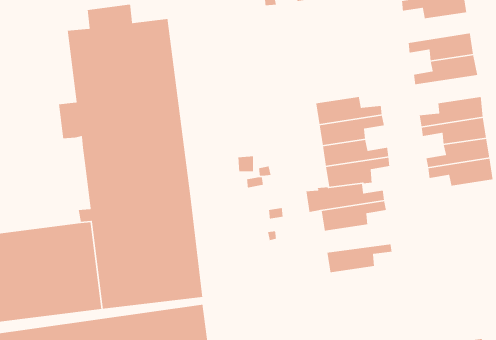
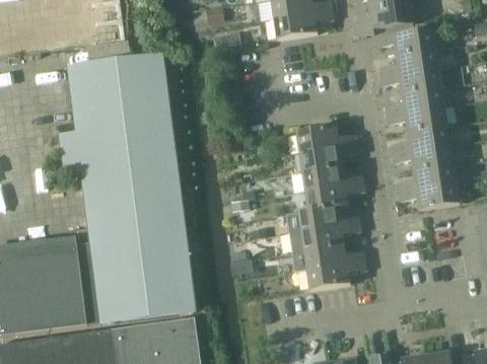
building: none -> [379,49,439,76]
building: none -> [388,106,449,132]
building: none -> [304,244,366,270]

